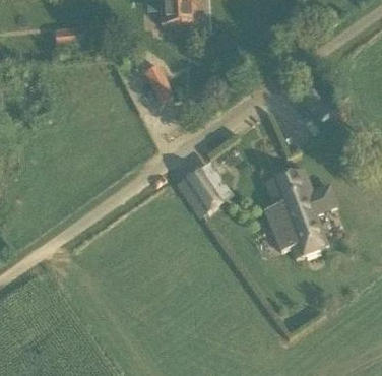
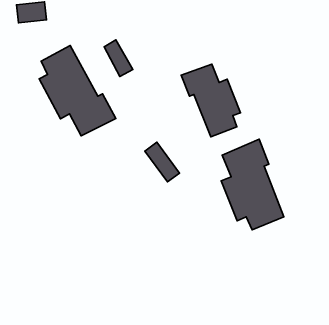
building: none -> [39,46,116,136]
building: none -> [181,64,240,137]

